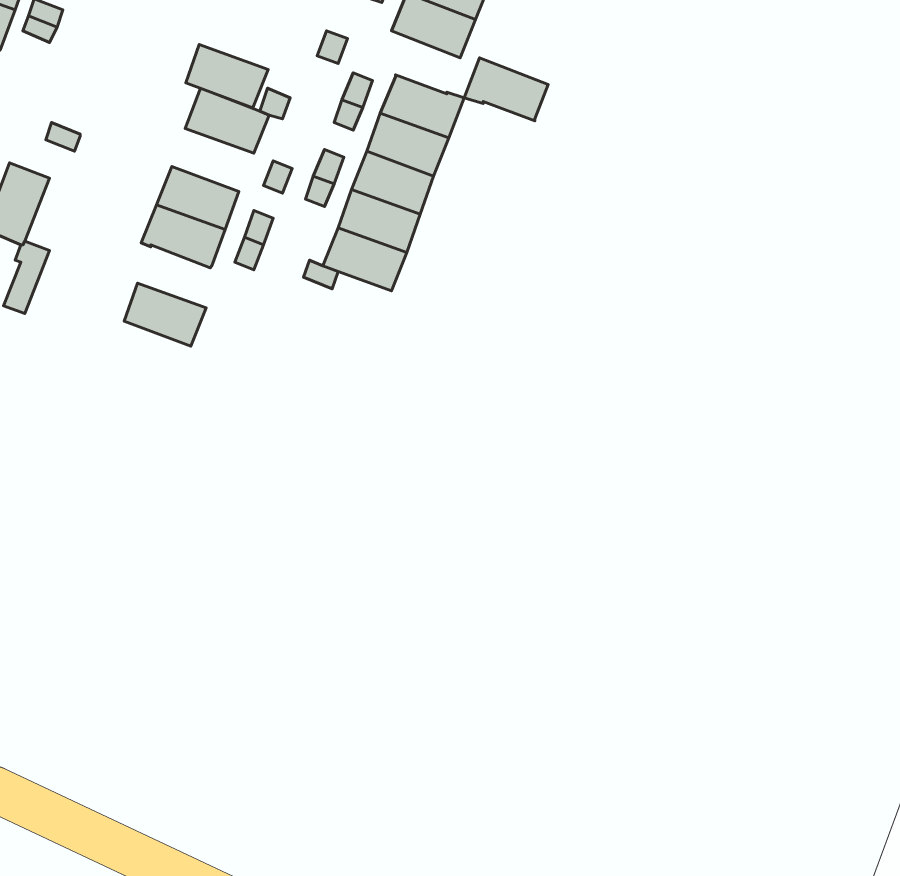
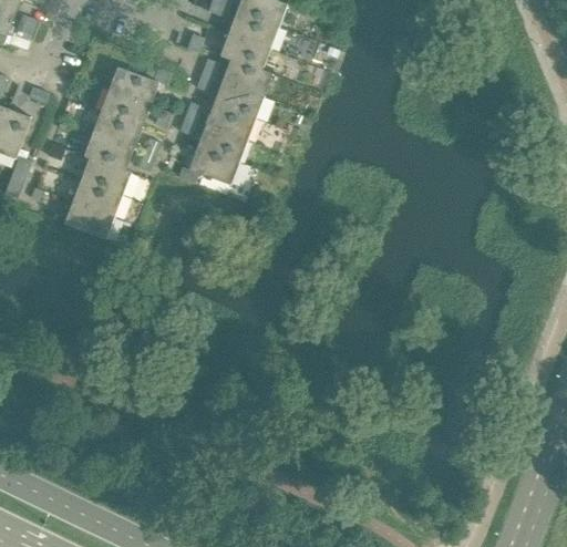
building: [186,45,268,108] -> [101,90,148,126]
building: [464,58,548,121] -> [219,33,268,70]
building: none -> [81,157,128,194]
building: none -> [64,202,112,238]

